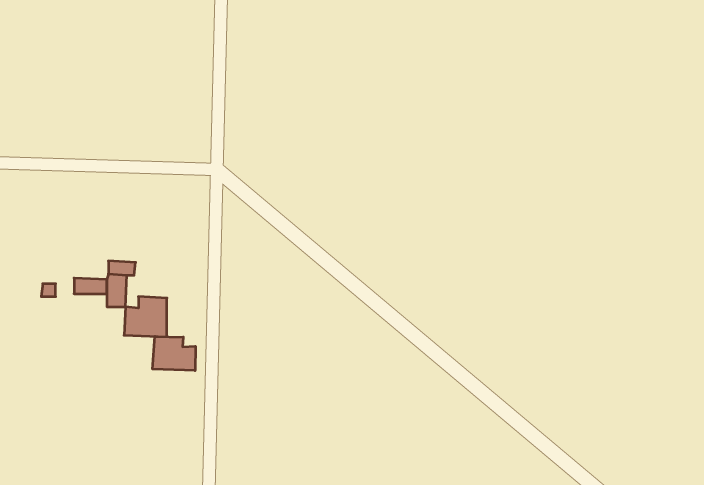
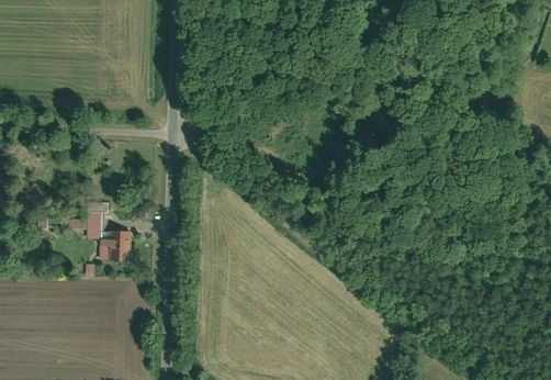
building: [153,336,195,371] -> none

